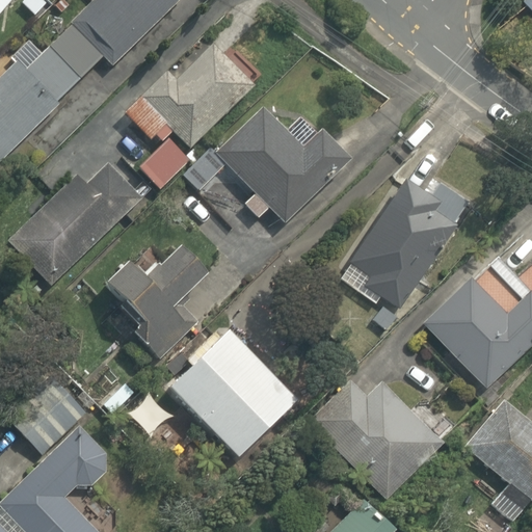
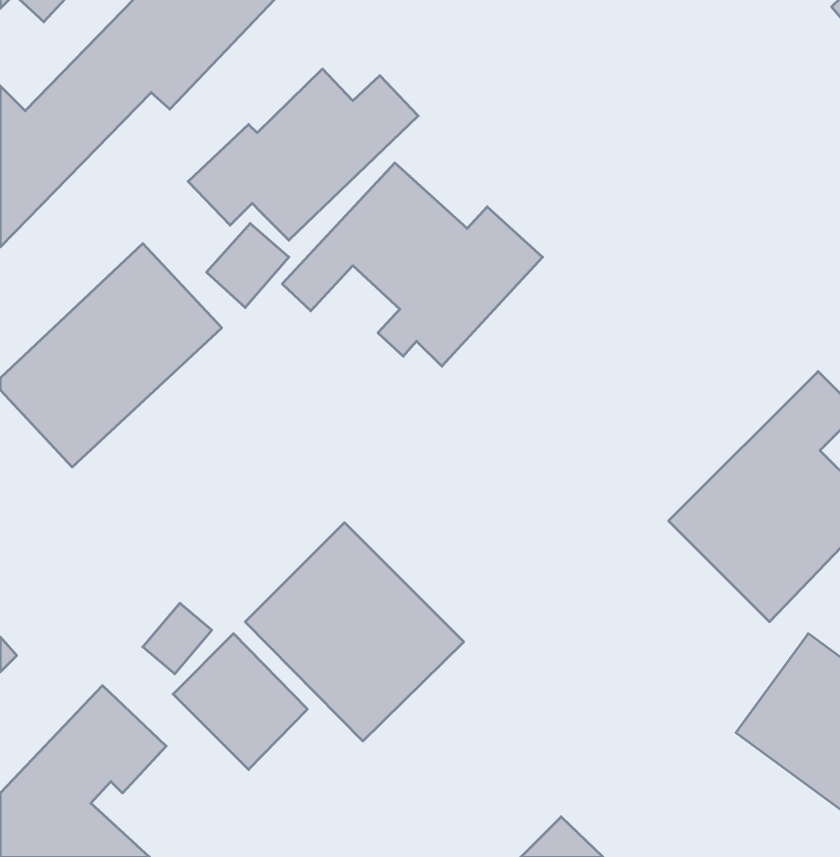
building: [347,180,472,309] -> none
building: [103,244,205,355] -> none
building: [310,380,444,501] -> none

